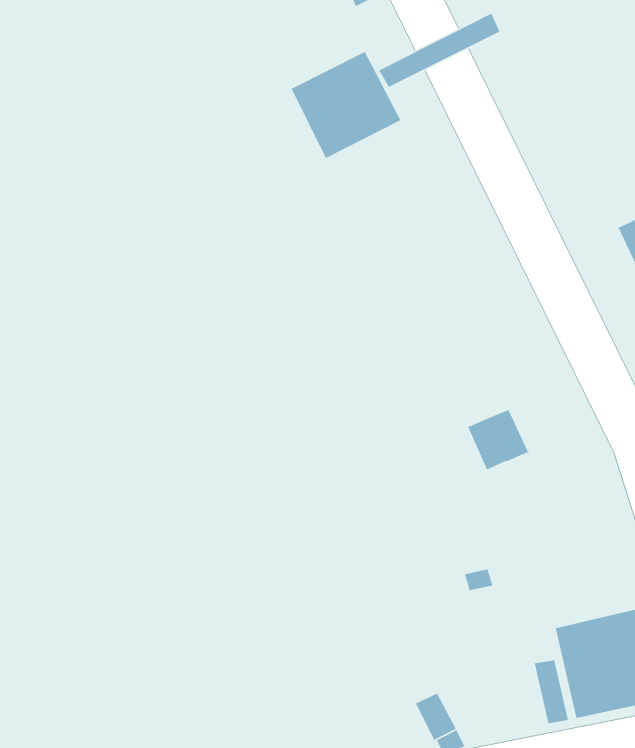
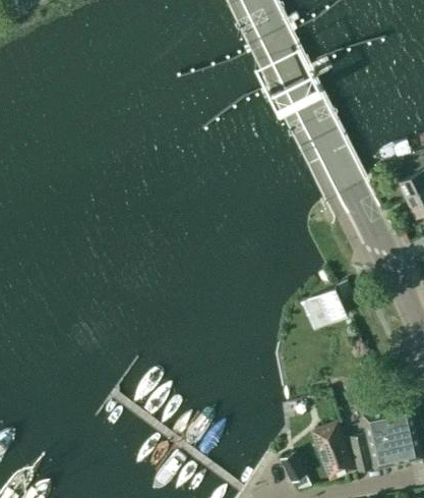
building: [290,51,402,159] -> none
building: none -> [311,423,354,478]

